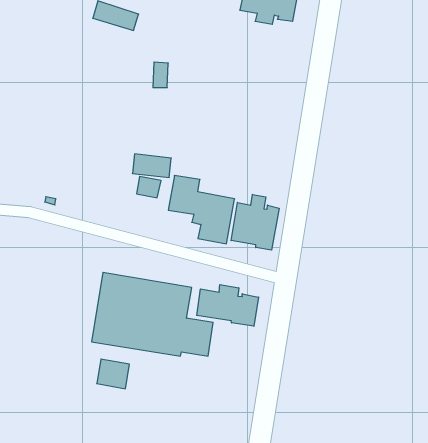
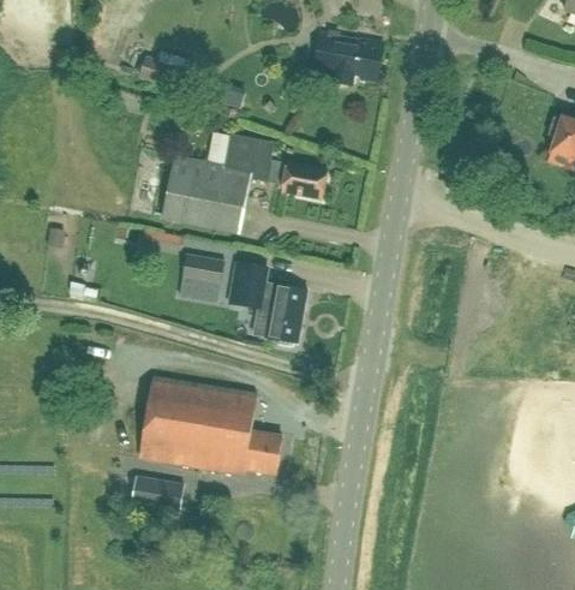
building: none -> [162,142,328,231]
building: [231,194,279,250] -> none
building: [197,285,259,326] -> none

